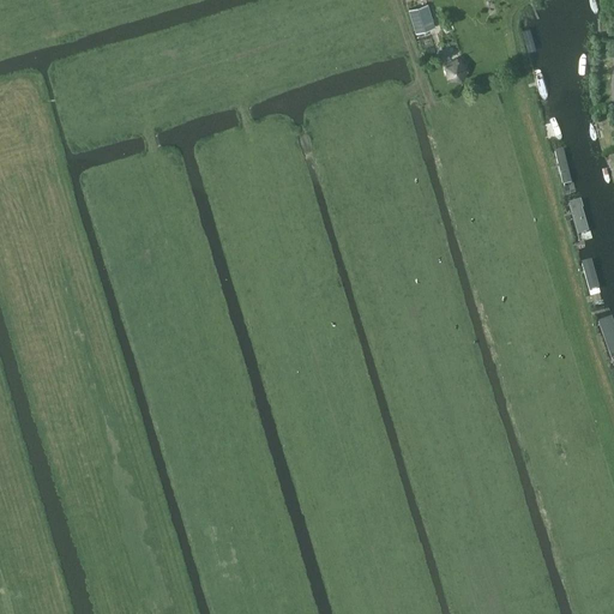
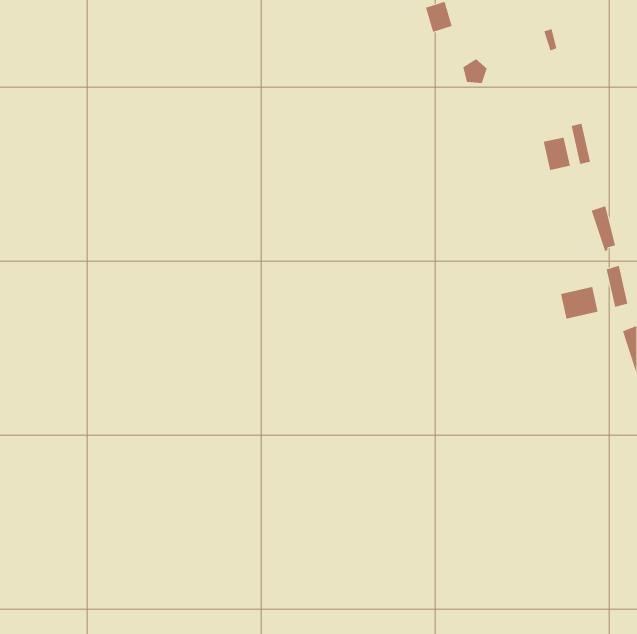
building: none -> [543,137,570,171]
building: none -> [561,286,598,319]

